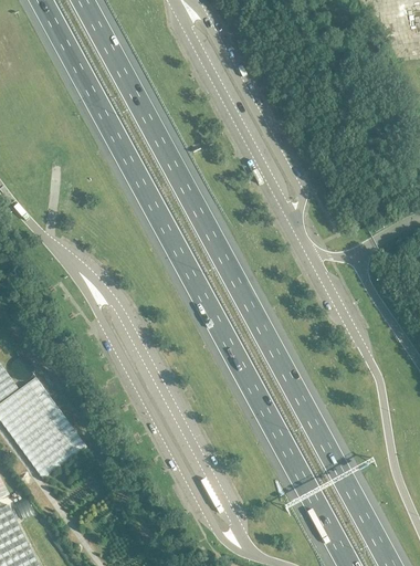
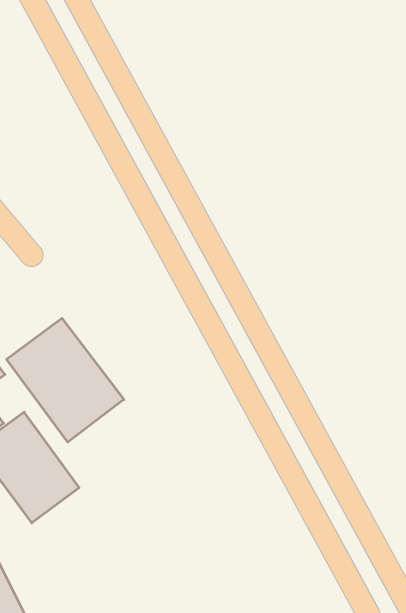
building: none -> [7,318,124,442]

